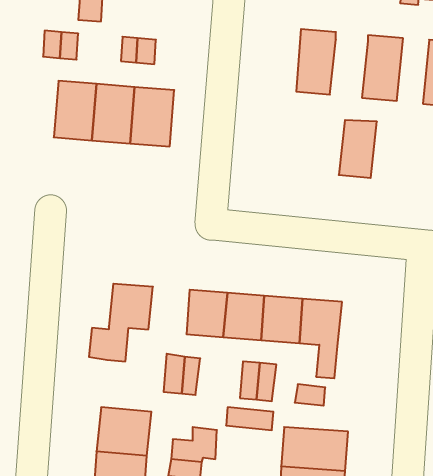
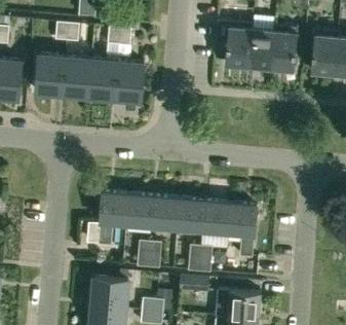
building: none -> [36,55,66,95]
building: [339,120,377,178] -> [248,29,274,68]
building: none -> [126,195,154,227]

